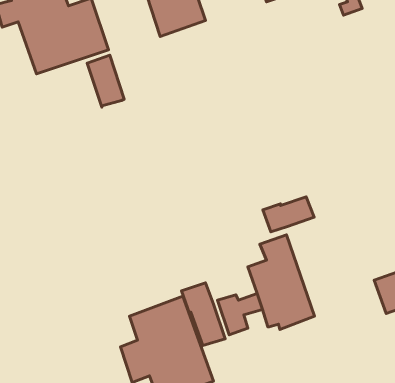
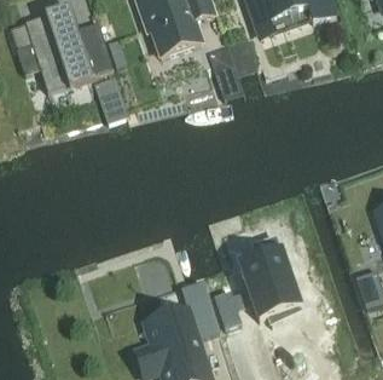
building: [263,197,314,232] -> none

